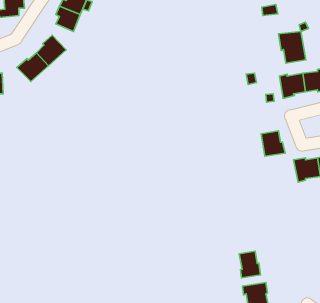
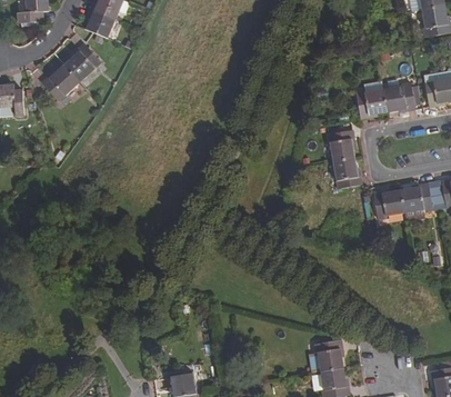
building: [278,31,306,63] -> none
building: none -> [329,129,355,161]
building: [239,251,261,278] -> none

